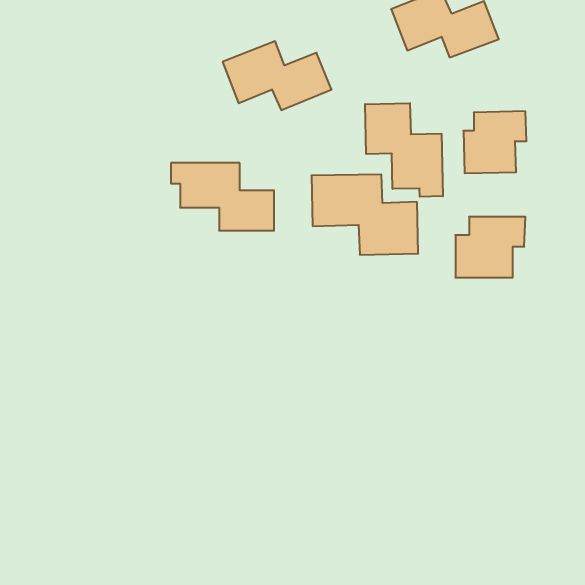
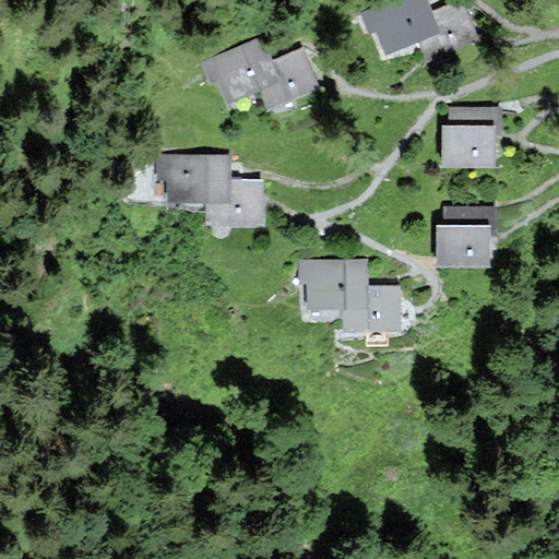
building: [365,103,443,197] -> none
building: [311,174,418,255] -> [299,262,401,338]

